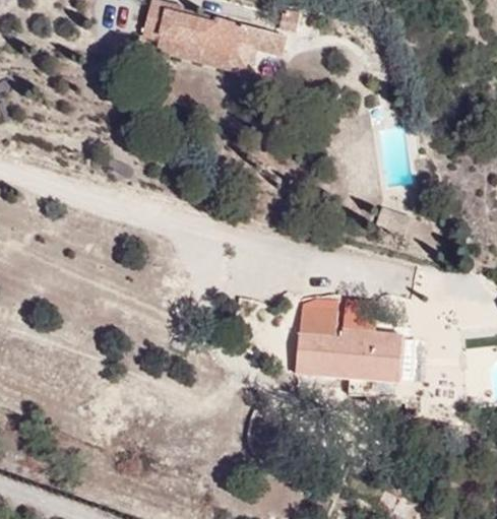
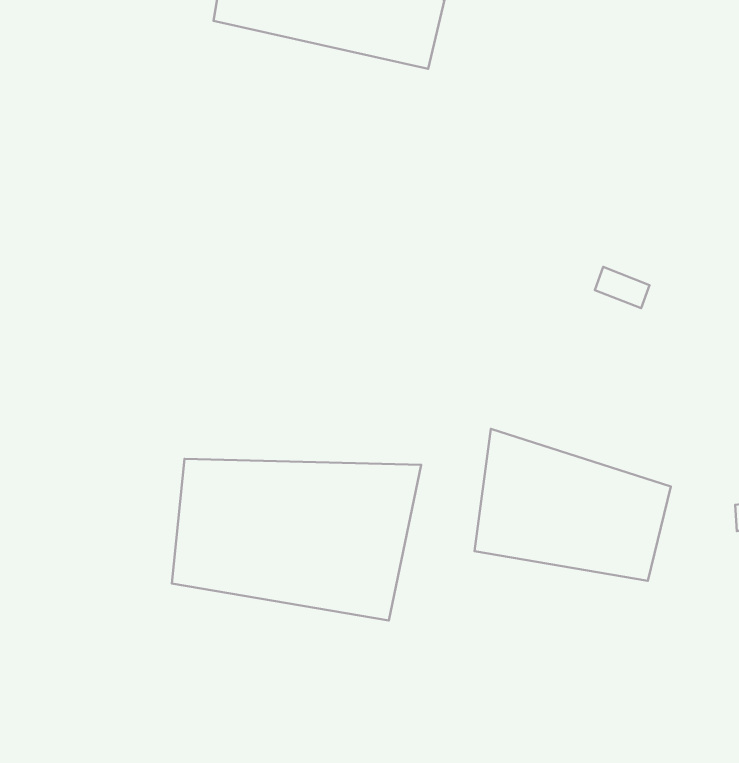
building: none -> [172,459,421,621]

